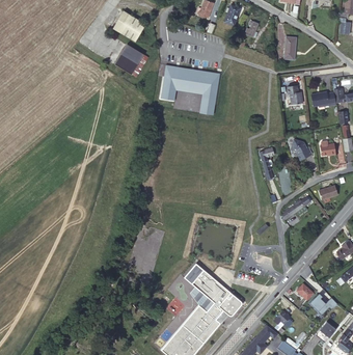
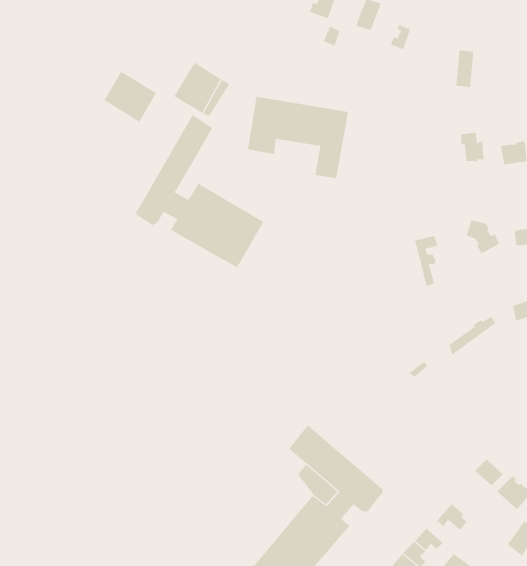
building: [113,10,145,42] -> [104,71,157,122]
building: none -> [136,114,264,268]

